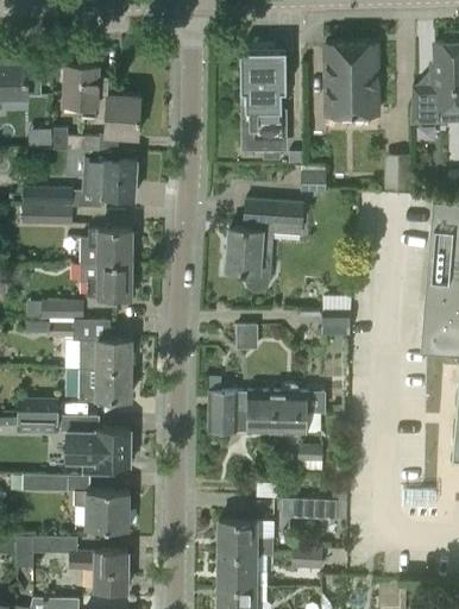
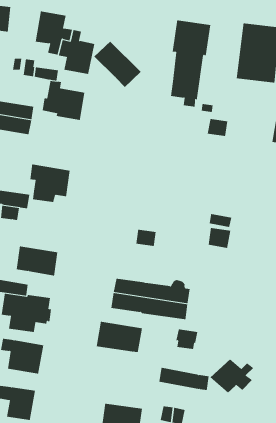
building: none -> [94,41,141,88]
building: [226,203,304,295] -> none
building: [81,231,133,264] -> none
building: [80,340,131,371] -> none
building: none -> [209,359,254,398]
building: [218,522,275,555] -> [96,321,143,353]

